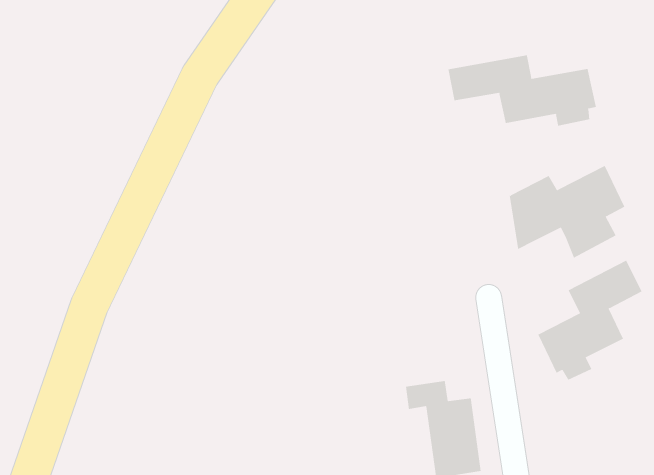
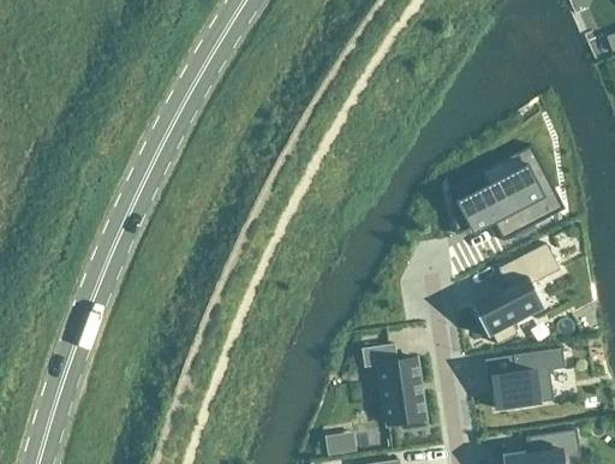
building: [448,54,596,126] -> none
building: none -> [491,349,565,409]

